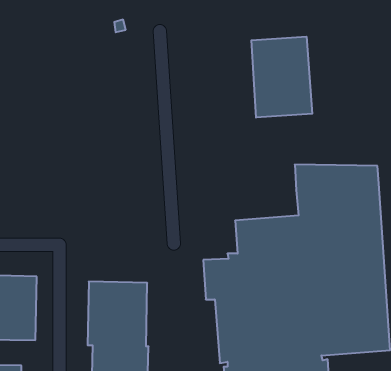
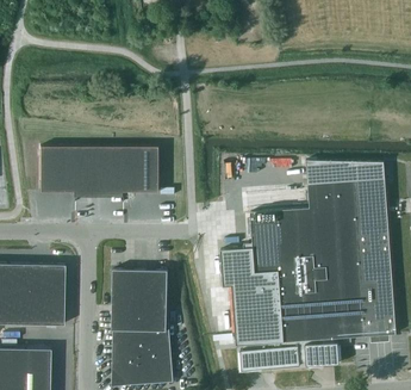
building: [251,37,312,118] -> none
building: none -> [39,147,158,198]

